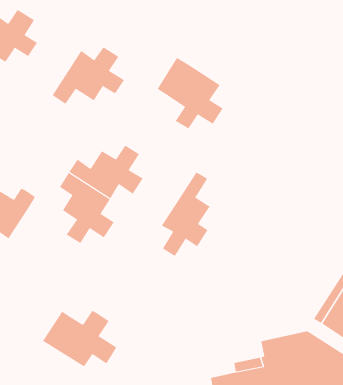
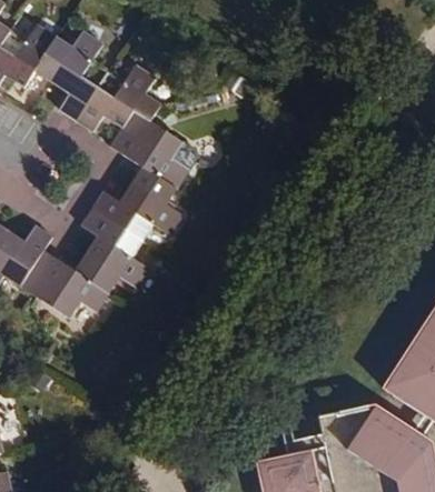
building: none -> [41,31,107,122]
building: [157,57,223,129] -> [110,112,189,198]
building: [161,171,211,257] -> none
building: [42,310,117,367] -> [21,257,110,324]

